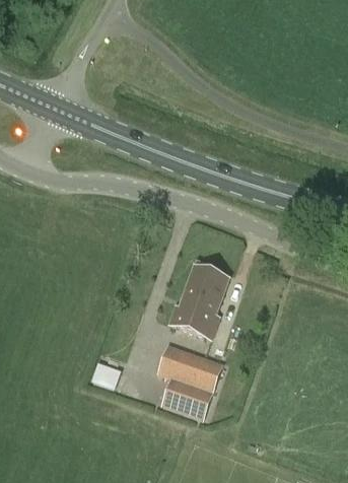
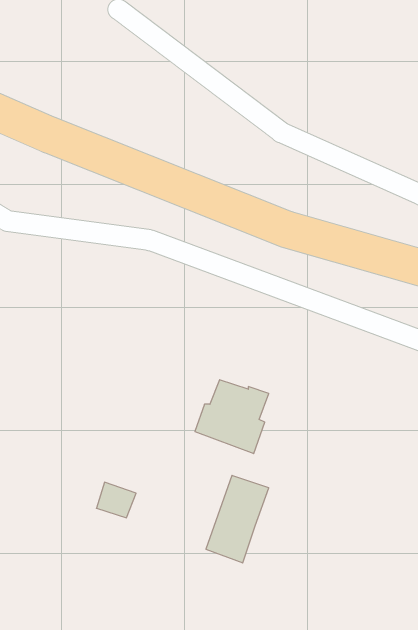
building: [187,264,229,294] -> none
building: [158,345,196,410] -> none

